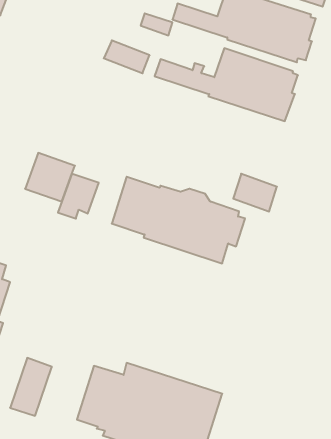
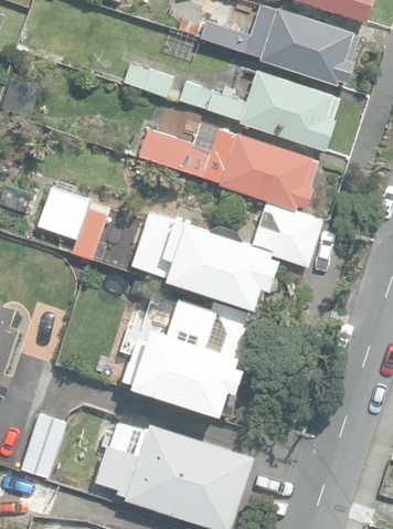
building: none -> [139,124,318,210]
building: none -> [119,300,261,416]

